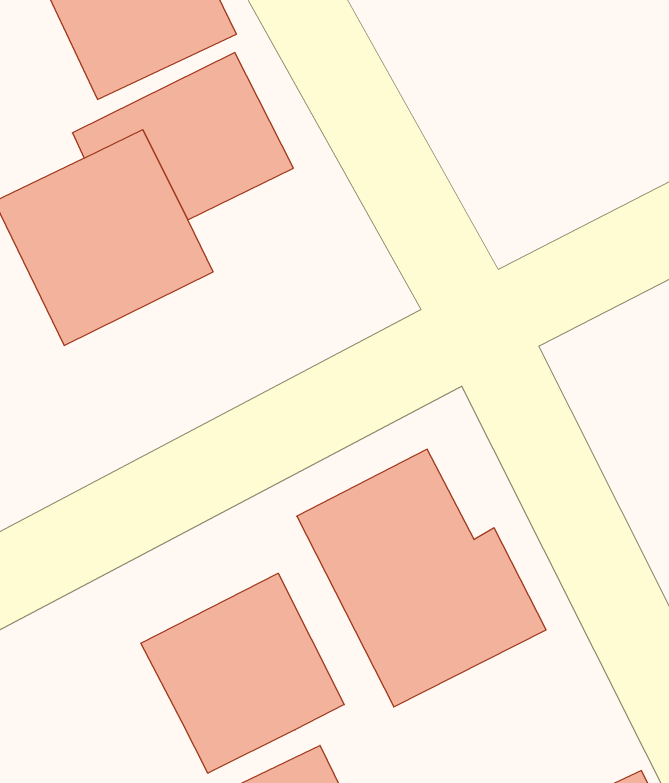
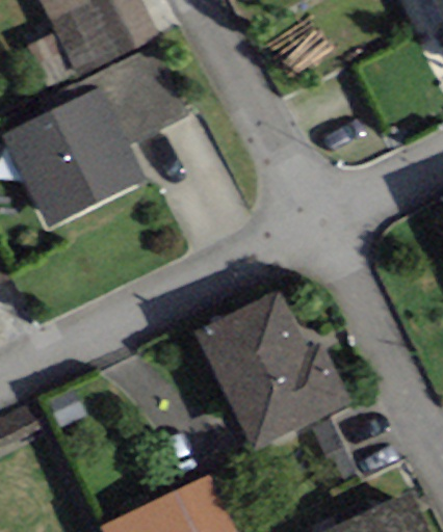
building: [141,573,344,773] -> none

